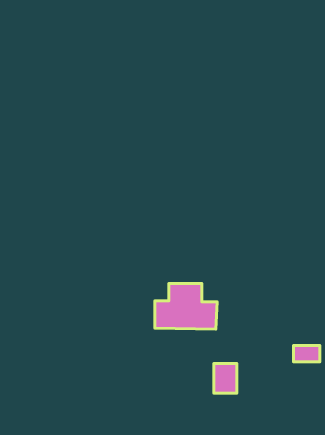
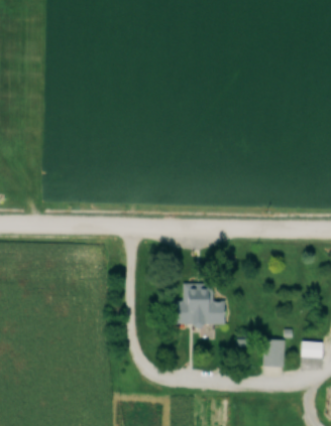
building: [214,364,237,393] -> [263,339,285,367]

